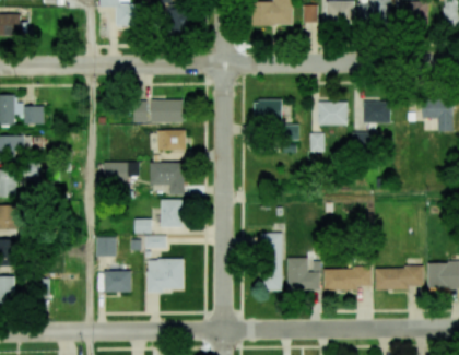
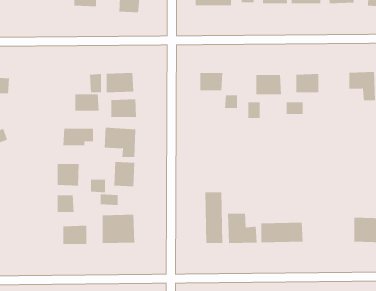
building: none -> [75,93,99,112]
building: none -> [57,163,79,187]
building: [376,268,424,291] -> none

